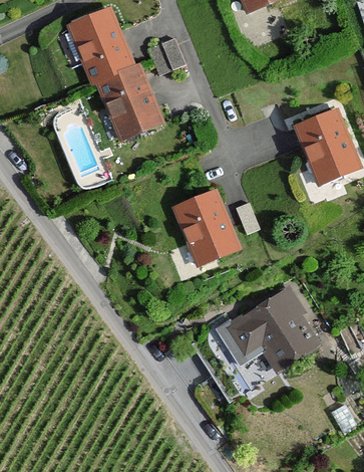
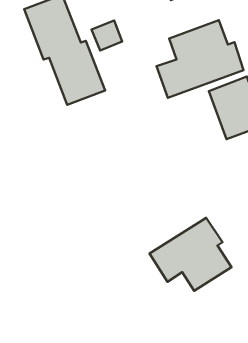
building: none -> [156,20,244,98]
building: [169,190,240,267] -> none

